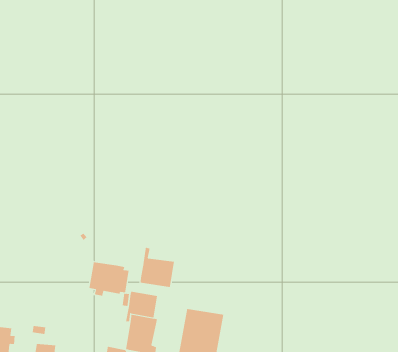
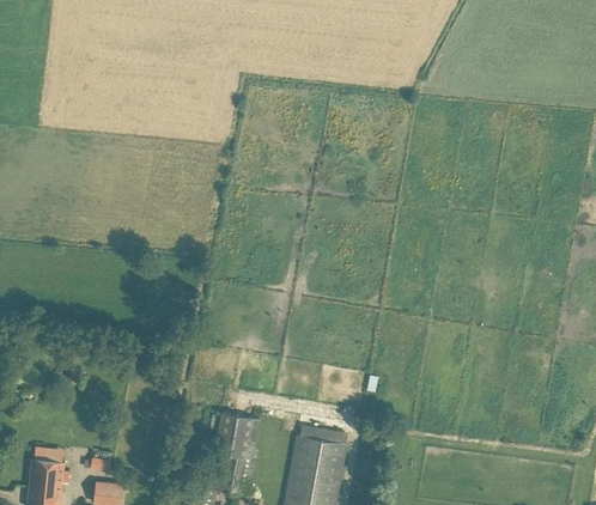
building: [140,247,175,288] -> none
building: [89,261,129,296] -> none

